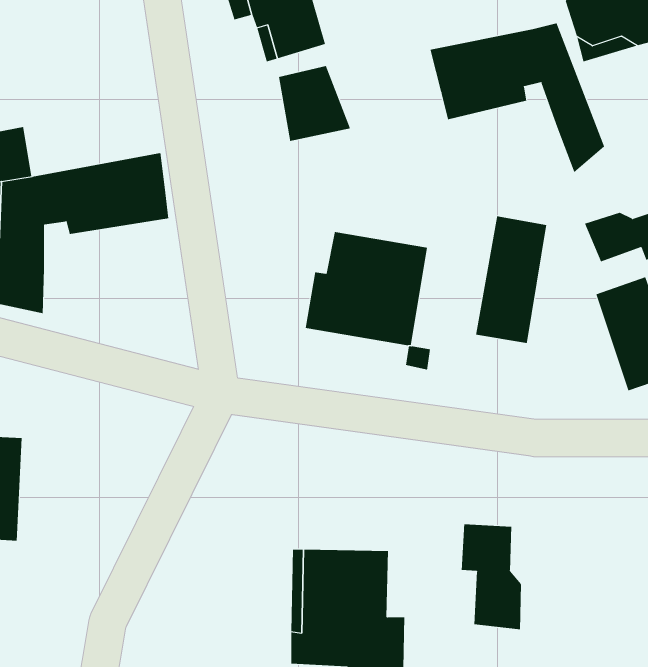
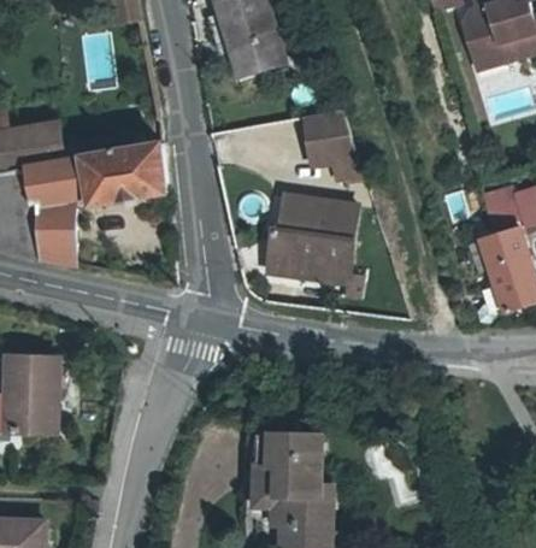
building: [430,23,605,173] -> none
building: [278,66,351,141] -> [306,123,360,179]
building: [476,215,547,344] -> none
building: [461,523,521,630] -> none

